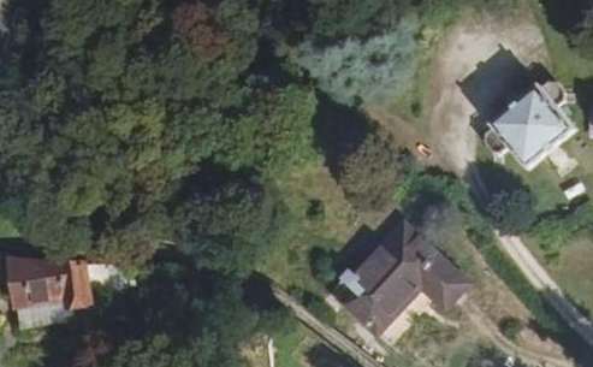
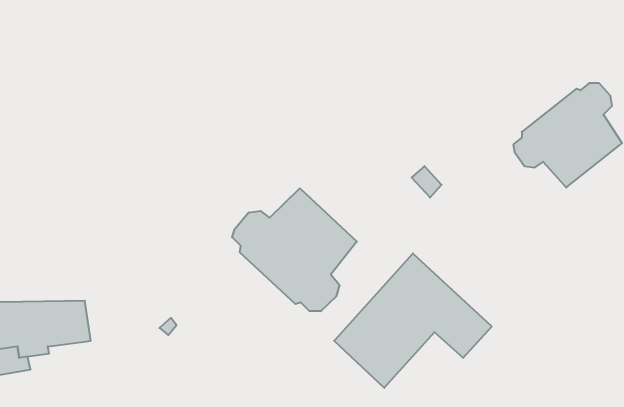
building: none -> [232,188,357,311]

